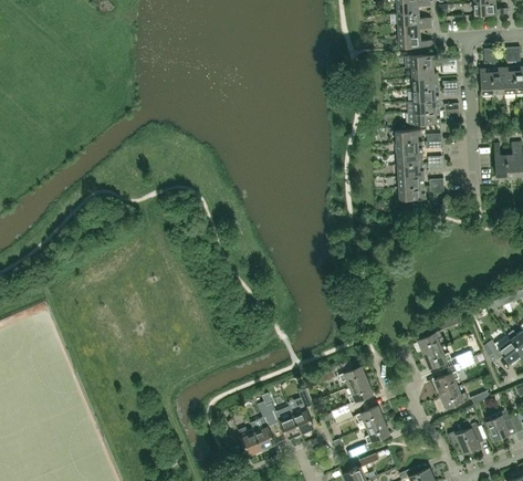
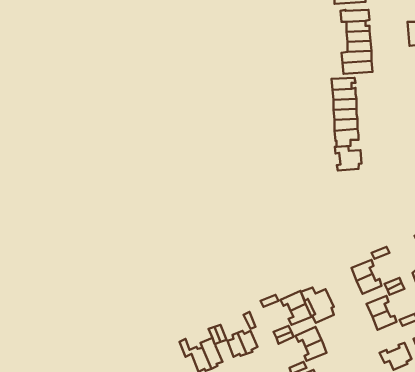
building: none -> [335,146,362,171]
building: none -> [301,287,334,323]

